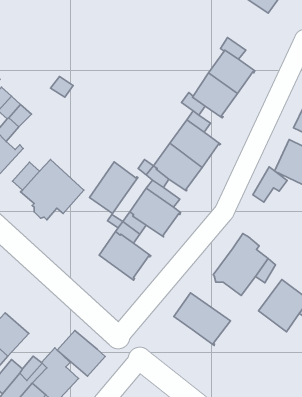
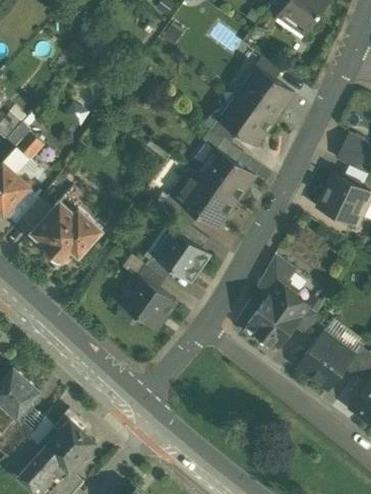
building: [90,162,138,214] -> none
building: [253,167,287,202] -> [257,255,296,294]
building: [174,293,231,345] -> none
building: [57,330,105,376] -> none

